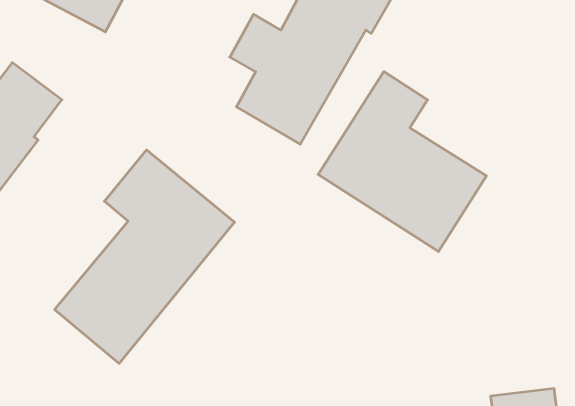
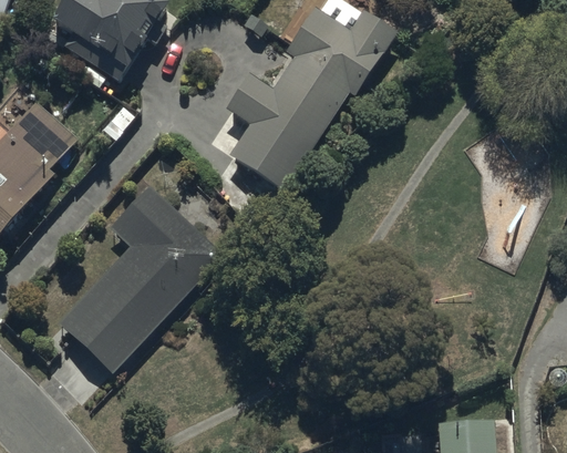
building: [318,72,486,252] -> none

